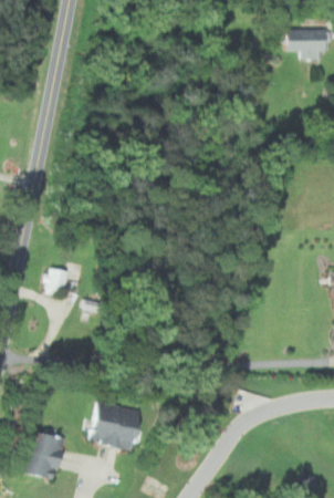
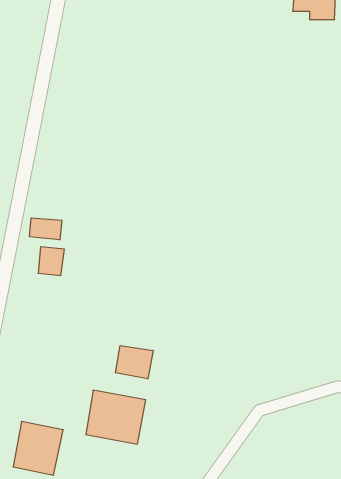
building: none -> [30,218,62,240]
building: none -> [115,346,153,379]

